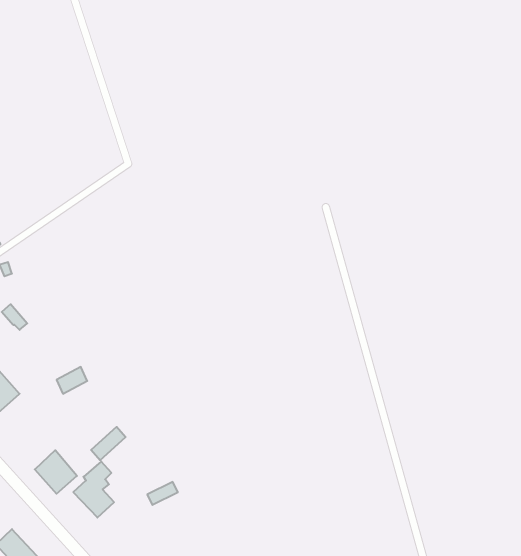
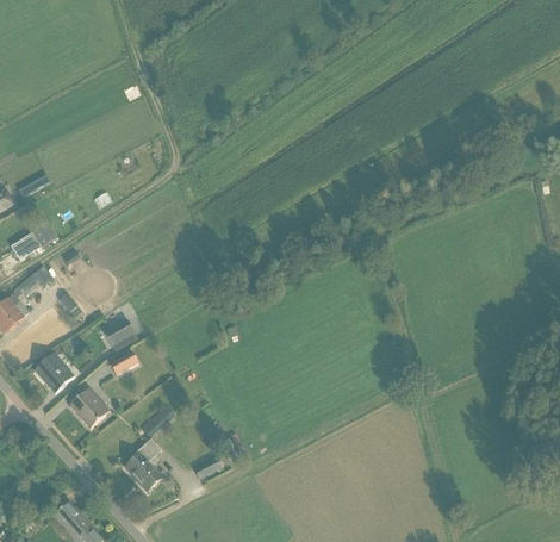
building: none -> [104,318,137,351]
building: [35,450,77,494] -> [69,387,108,428]

